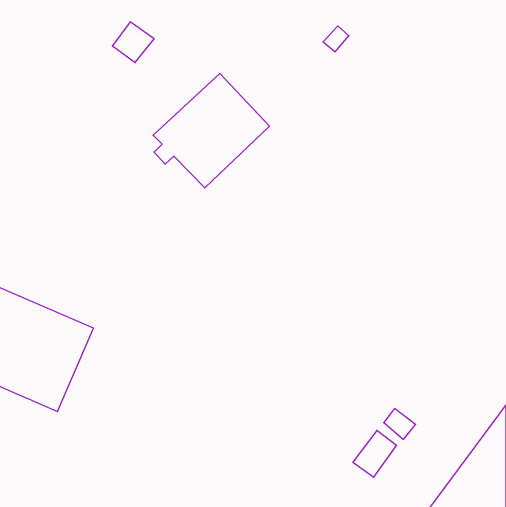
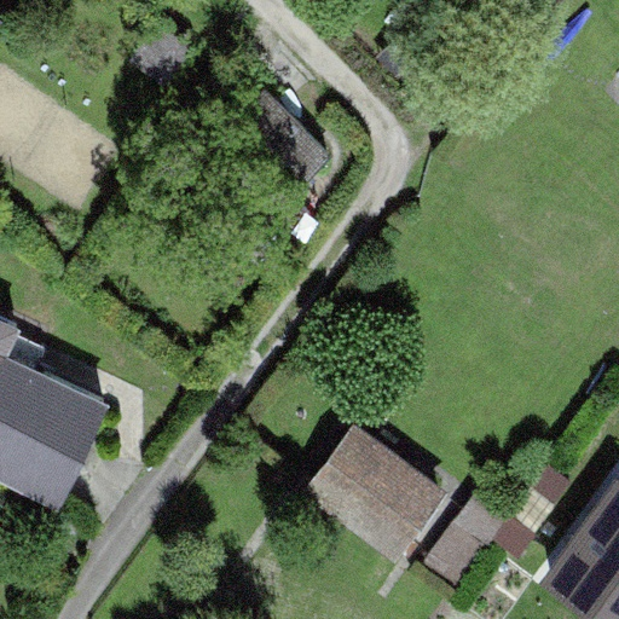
building: none -> [312,428,440,551]

